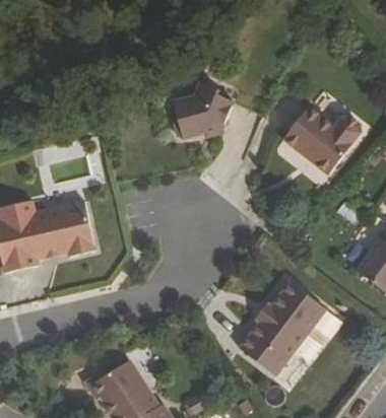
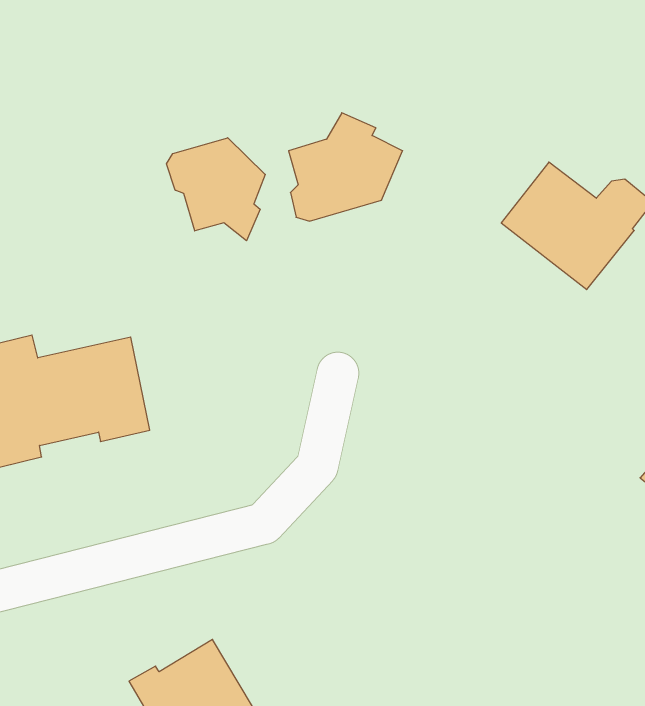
building: none -> [166,138,265,241]
building: [239,281,326,375] -> none

